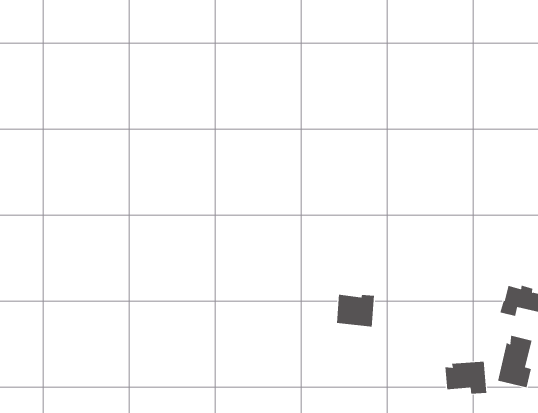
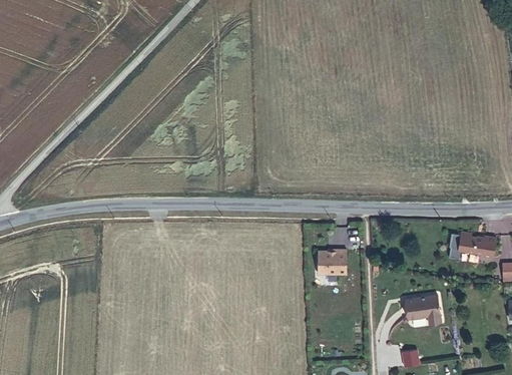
building: [497,335,532,388] -> none

